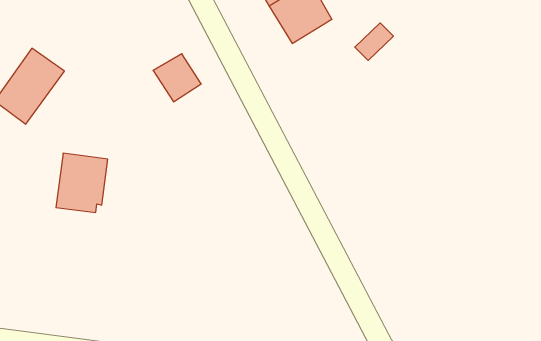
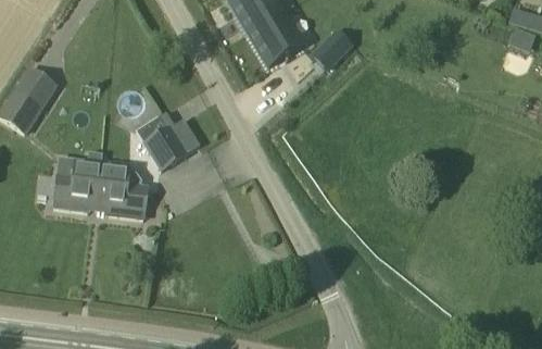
building: [153,54,201,102] -> [142,126,186,170]
building: none -> [93,163,147,219]

